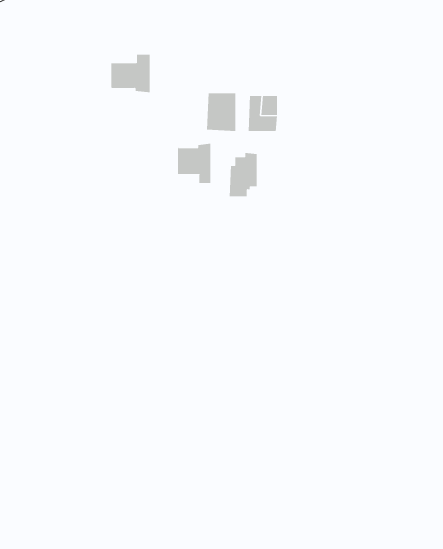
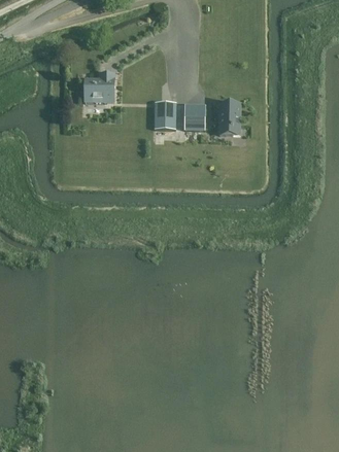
building: [177,141,211,184] -> none
building: [229,153,258,197] -> [218,103,239,135]

